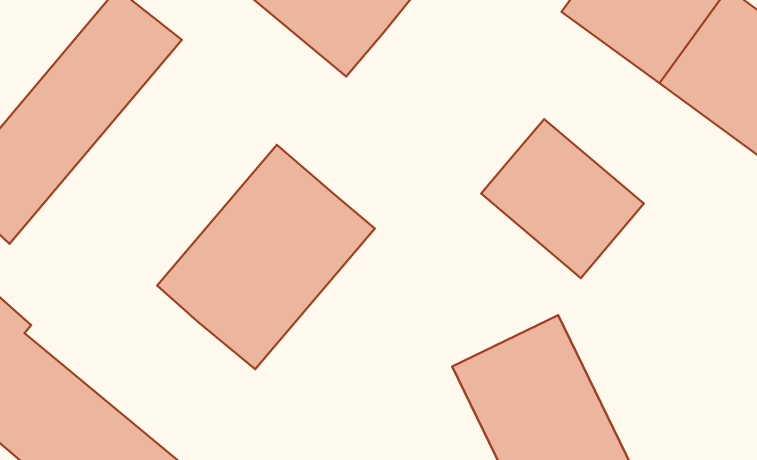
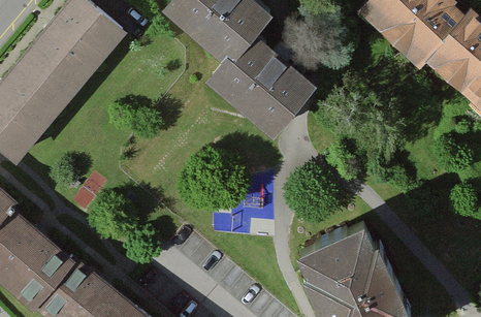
building: [481,119,644,278] -> [209,32,310,131]
building: [157,145,375,369] -> none

